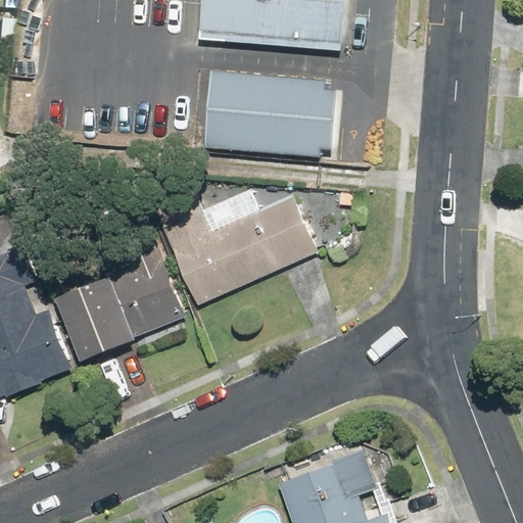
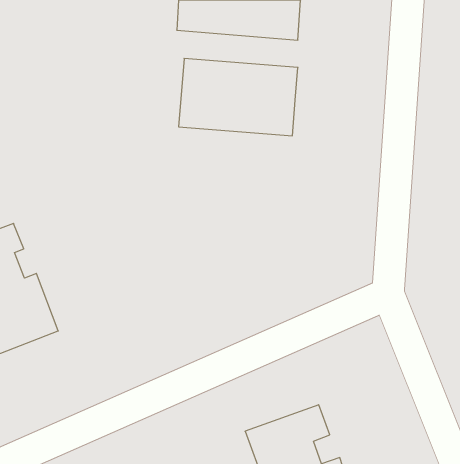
building: [170,197,321,305] -> none
building: [62,252,189,359] -> none

